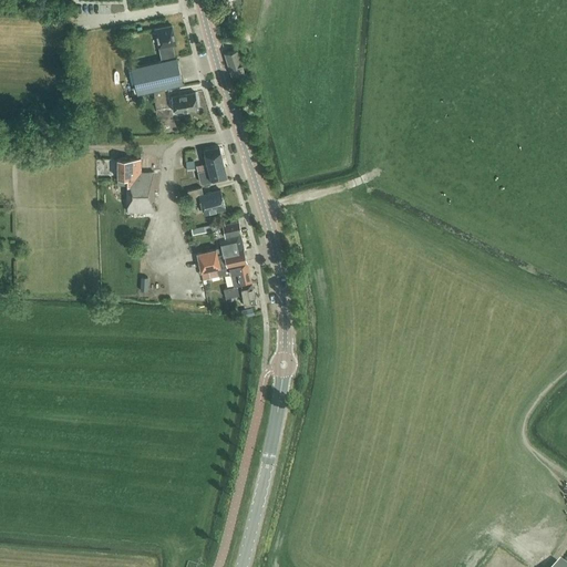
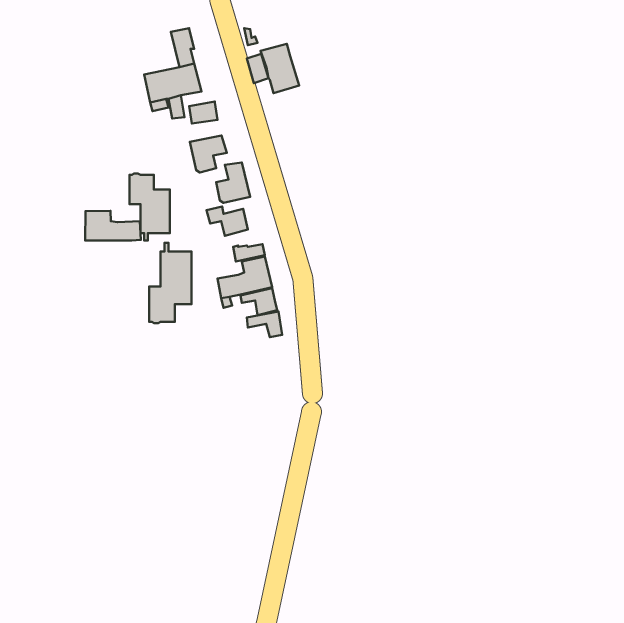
building: none -> [260,44,299,93]
building: none -> [190,135,227,172]
building: none -> [85,211,141,241]
building: none -> [149,243,191,323]

